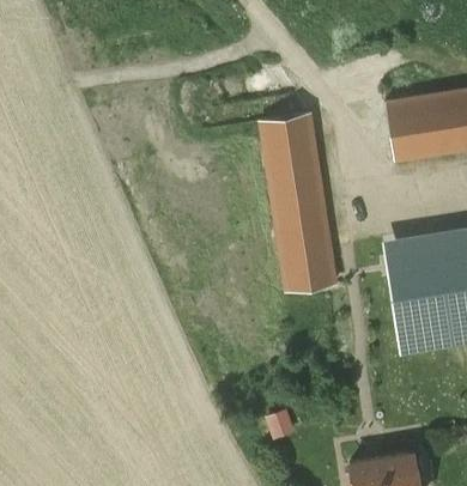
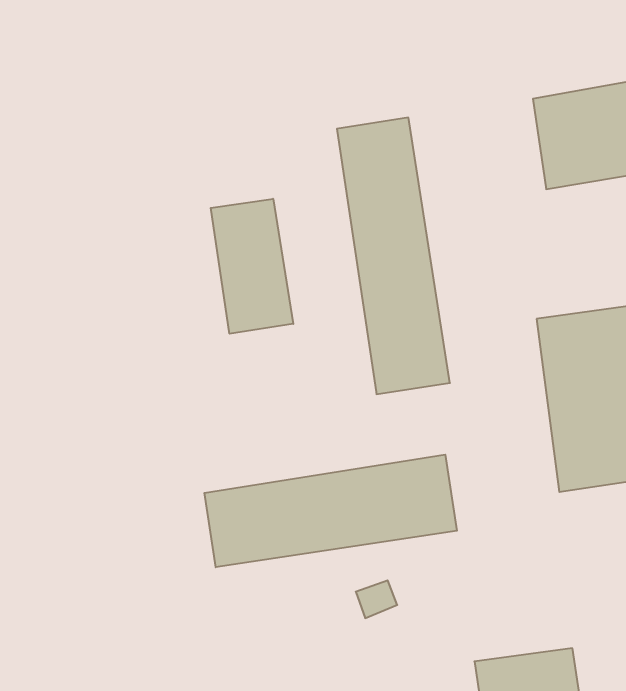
building: none -> [211,199,293,334]
building: none -> [204,455,457,567]

